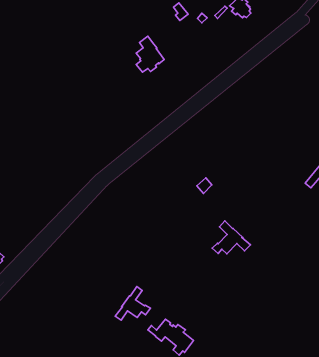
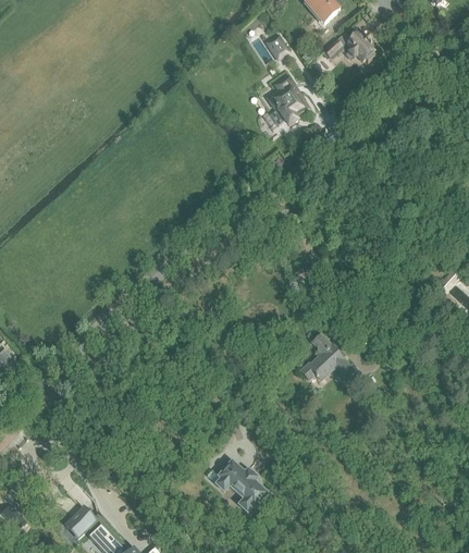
building: [136,36,164,72] -> [269,77,307,125]
building: [115,286,150,320] -> none

